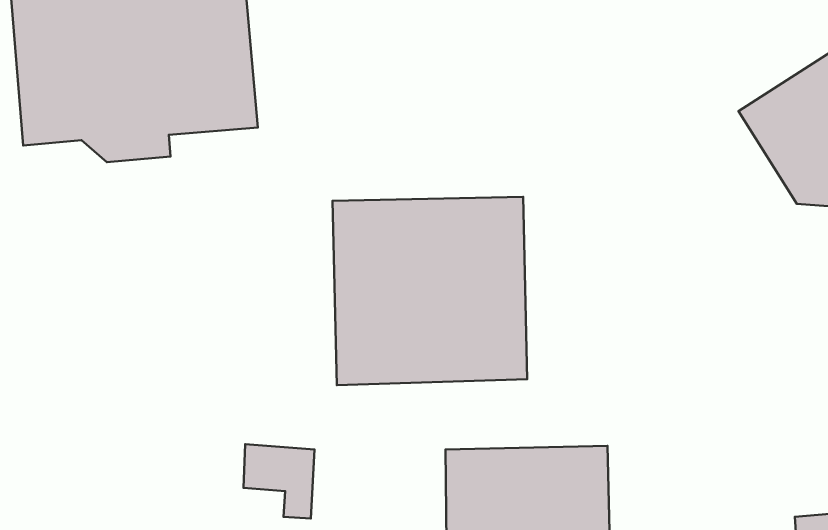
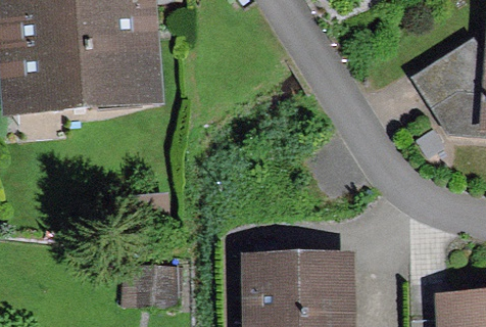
building: [333,197,527,385] -> none

